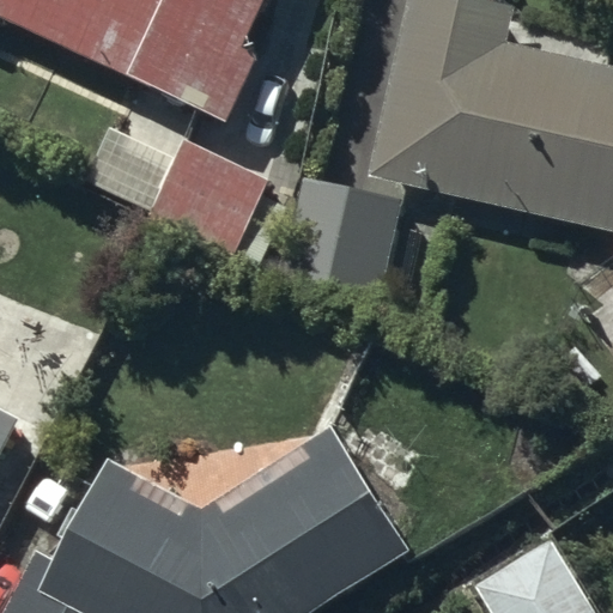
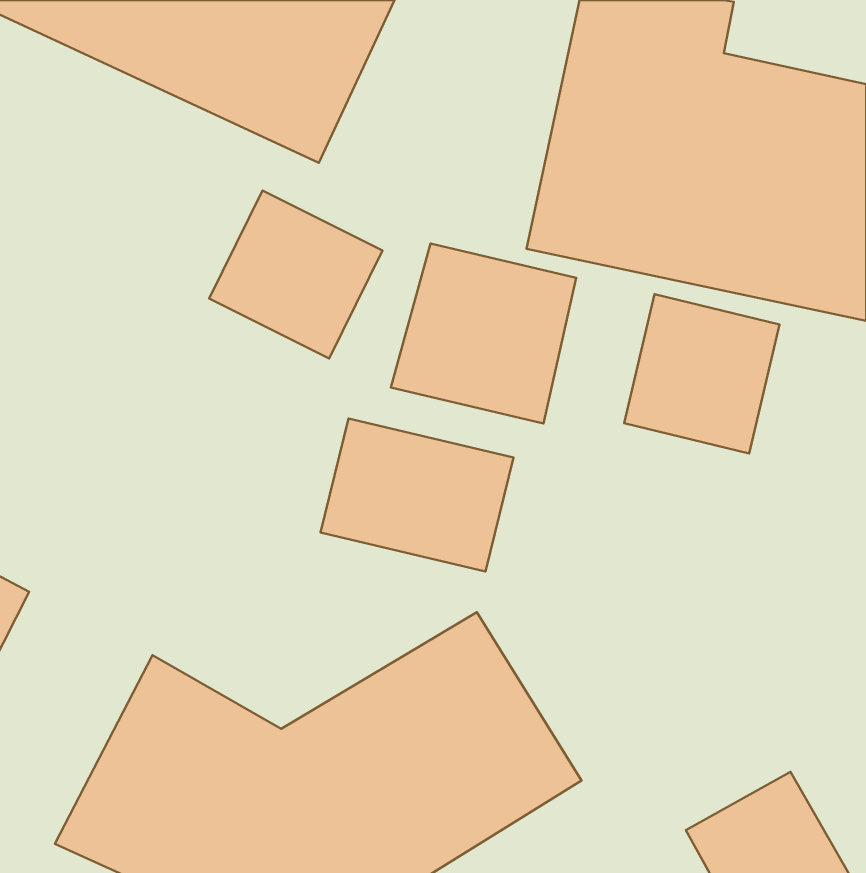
building: none -> [624,294,780,454]
building: none -> [321,419,514,572]

